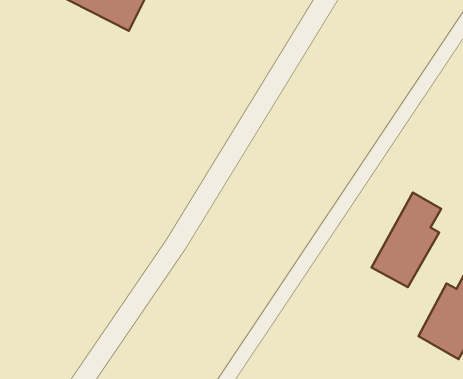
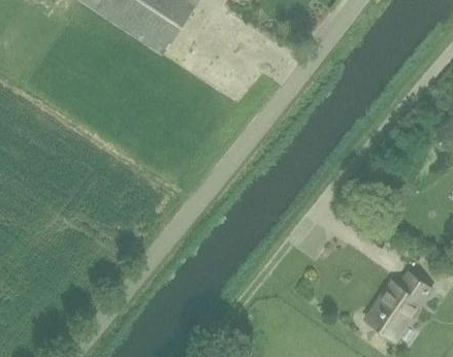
building: [371,193,441,287] -> none

